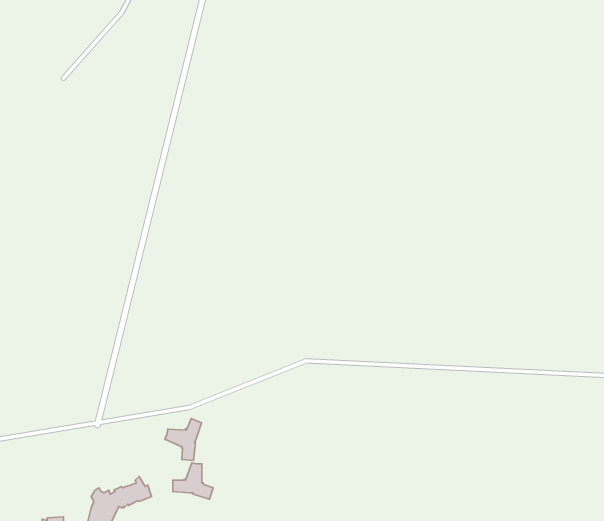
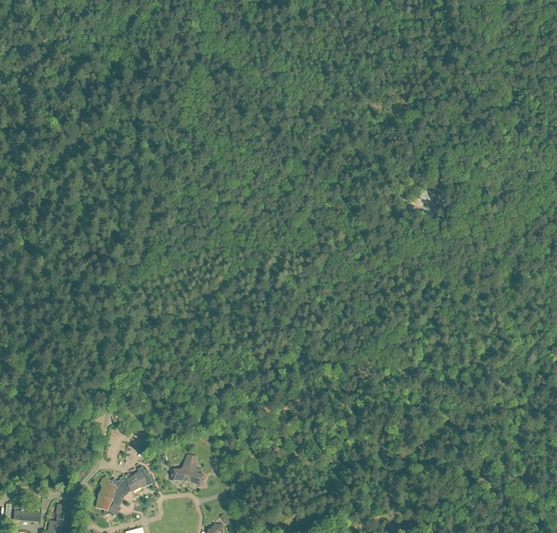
building: [165,418,201,460] -> none

